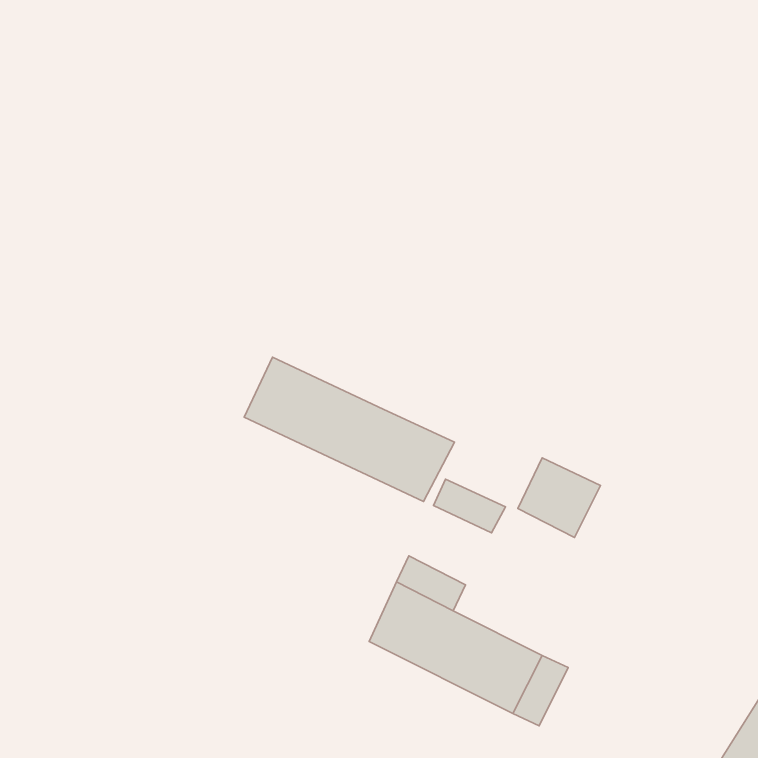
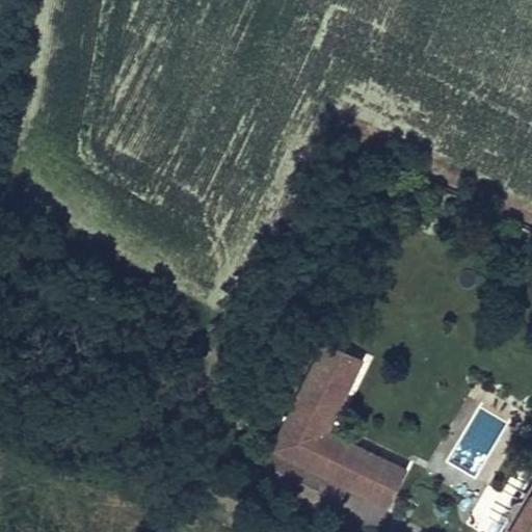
building: [244,357,454,502] -> none
building: [518,458,600,537] -> [294,360,350,414]

